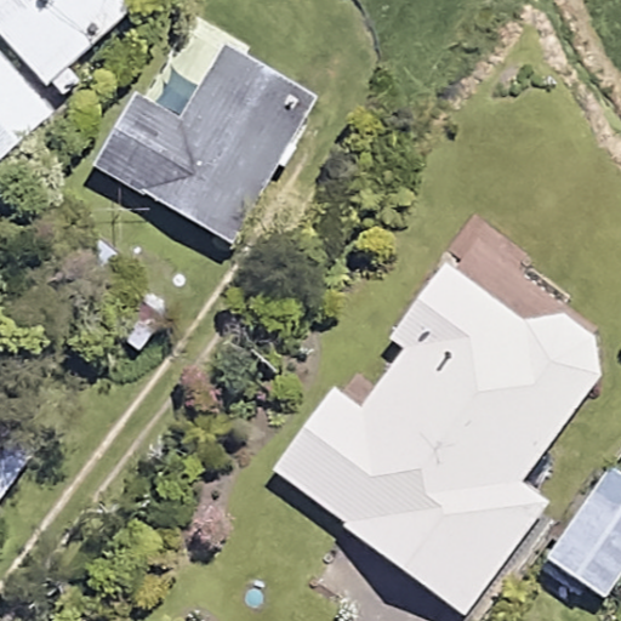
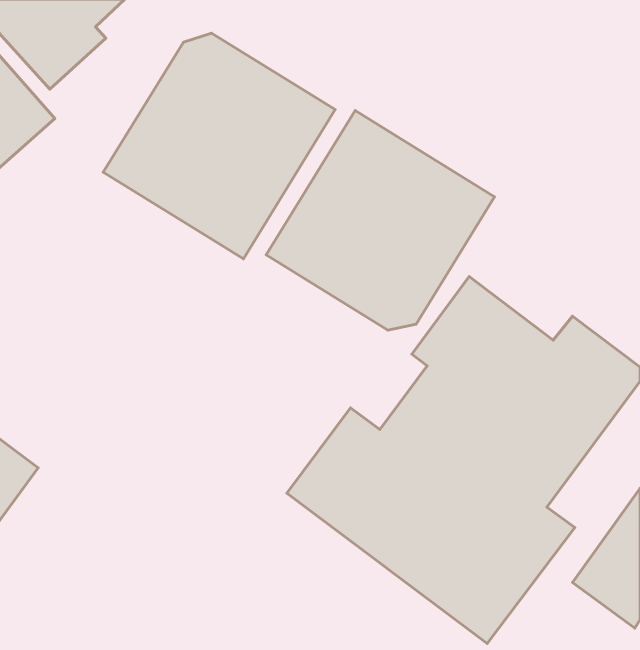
building: none -> [266,110,495,330]

